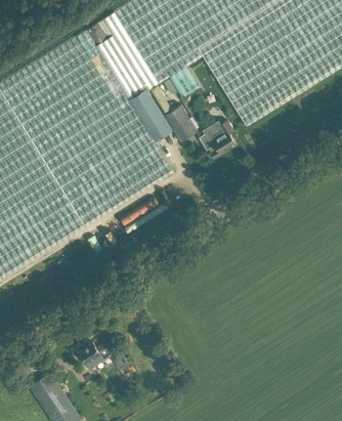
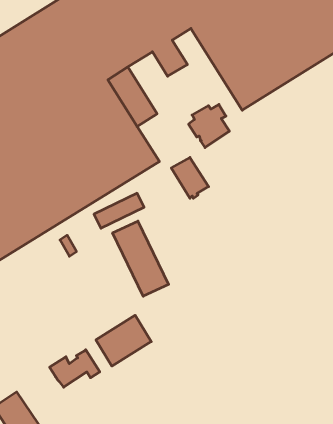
building: [163,106,196,141] -> [171,157,209,198]
building: none -> [113,221,169,296]
building: none -> [96,315,151,366]

